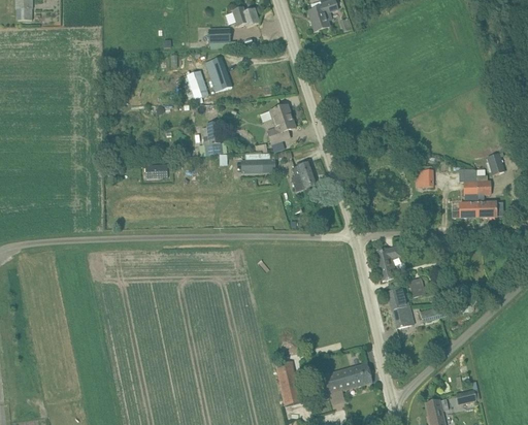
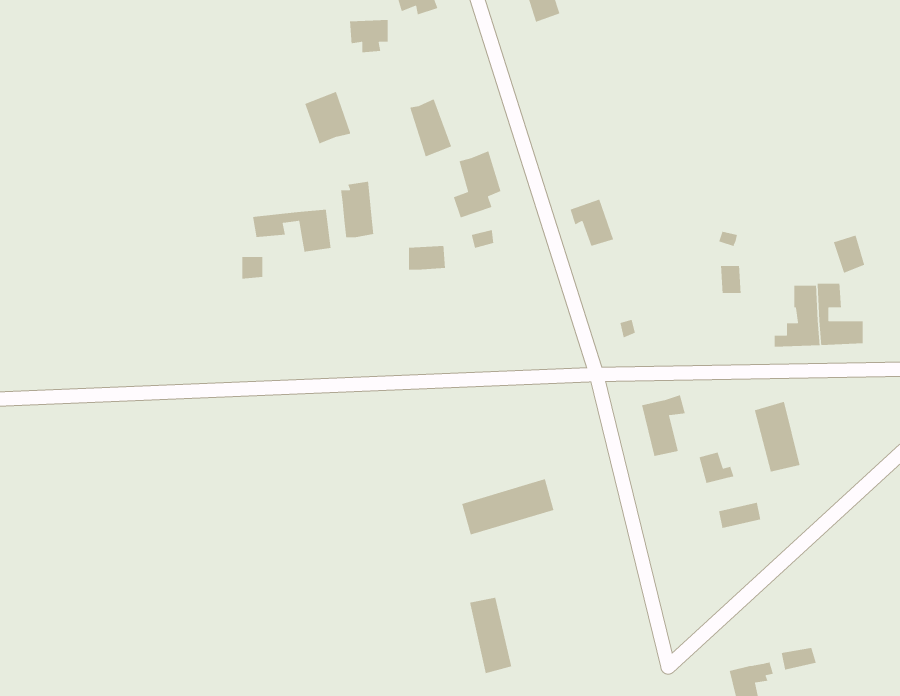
building: [205,57,230,91] -> [409,98,452,158]
building: none -> [252,209,331,253]
building: [292,161,318,189] -> [569,198,614,247]
building: [387,287,414,328] -> [754,401,800,473]
building: [319,363,372,396] -> [461,478,554,536]

